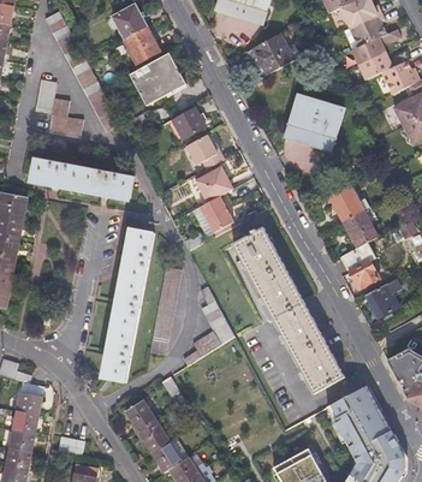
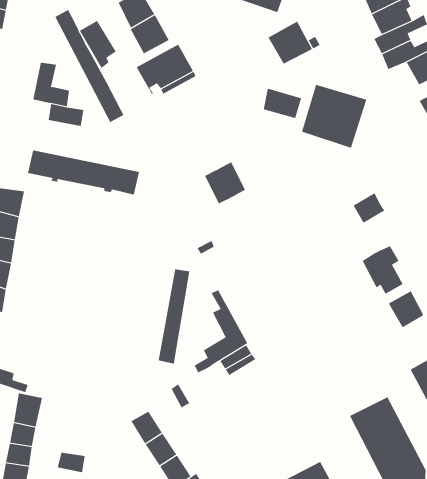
building: none -> [79,20,117,69]
building: none -> [263,88,302,119]
building: [174,108,208,142] -> none
building: [185,137,225,173] -> none
building: [200,200,234,239] -> none
building: [341,212,376,250] -> none
building: [233,225,345,392] -> none
building: [105,228,154,381] -> none

